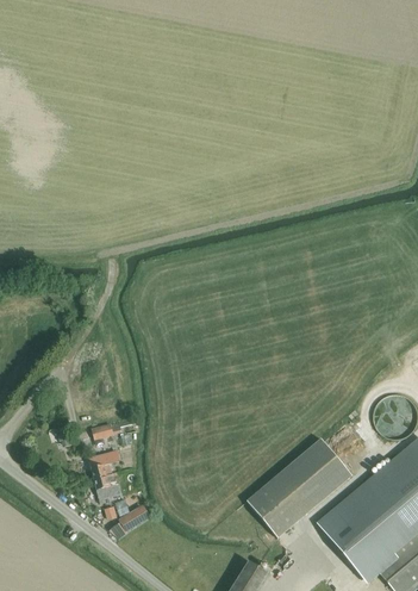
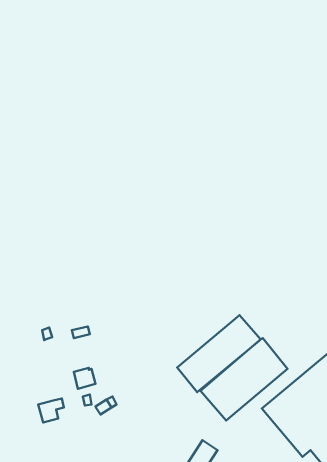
building: none -> [177,315,261,392]
building: [87,449,118,478] -> [38,399,64,422]

